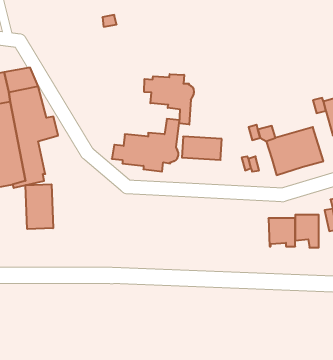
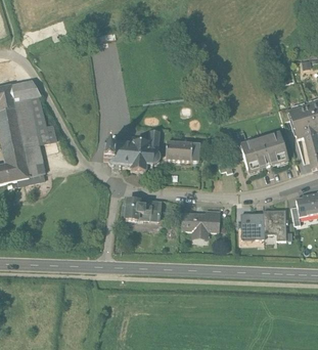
building: [144,74,194,125] -> none
building: [26,184,53,229] -> none
building: none -> [127,196,162,217]
building: none -> [183,209,220,233]

